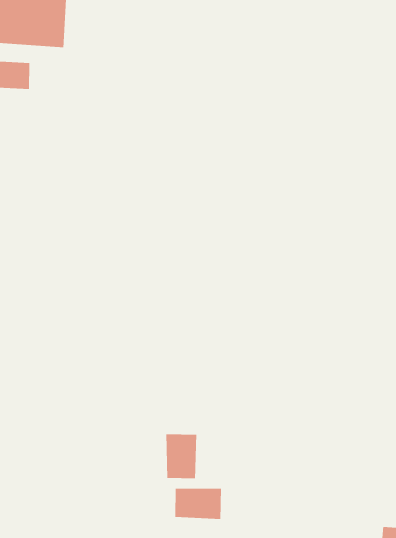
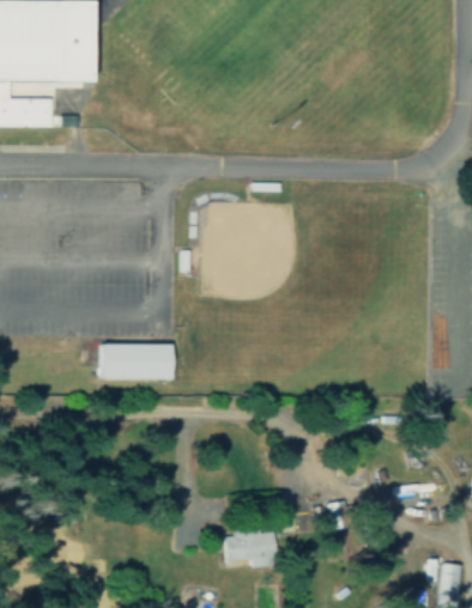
building: none -> [102,345,169,379]
building: [166,434,197,479] -> none

